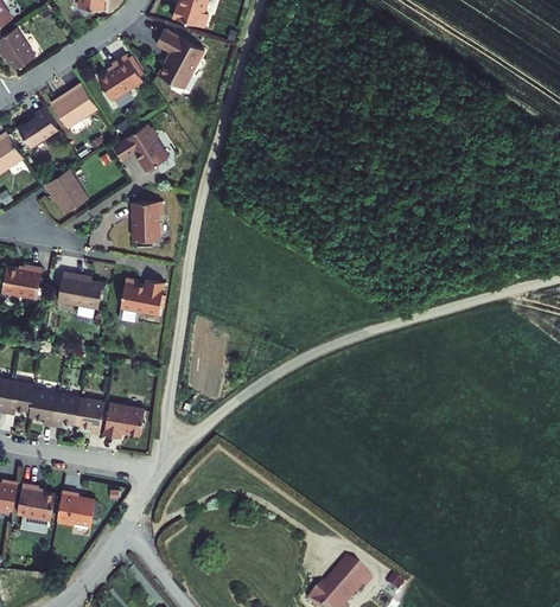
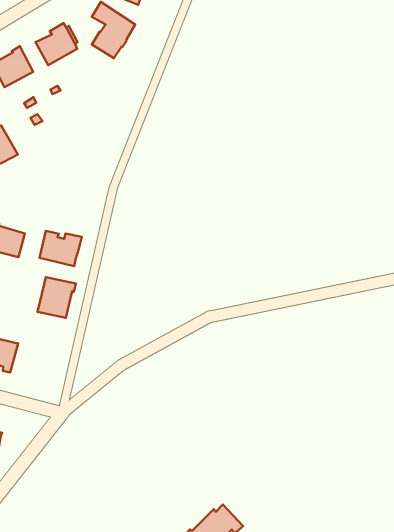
building: [113,124,168,171] -> none
building: [131,202,161,239] -> none
building: none -> [37,277,76,318]
building: [103,403,144,437] -> none

